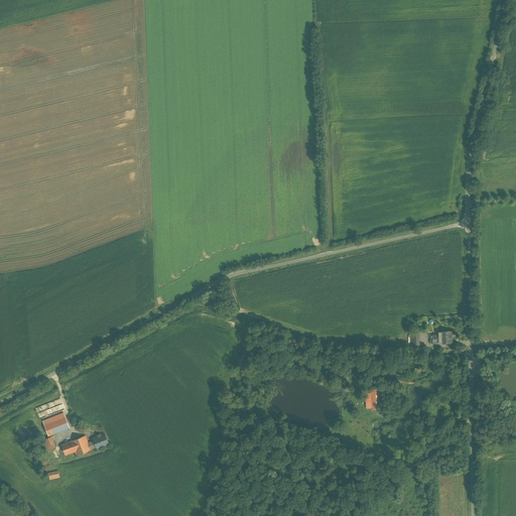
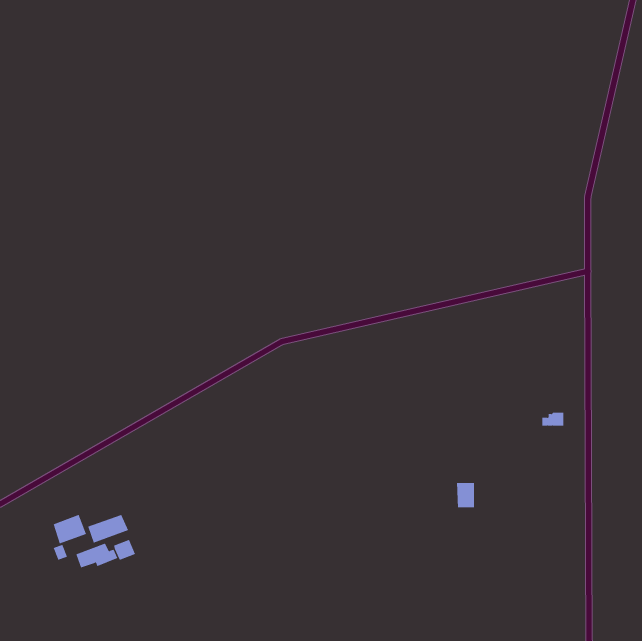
building: none -> [88,514,129,543]

